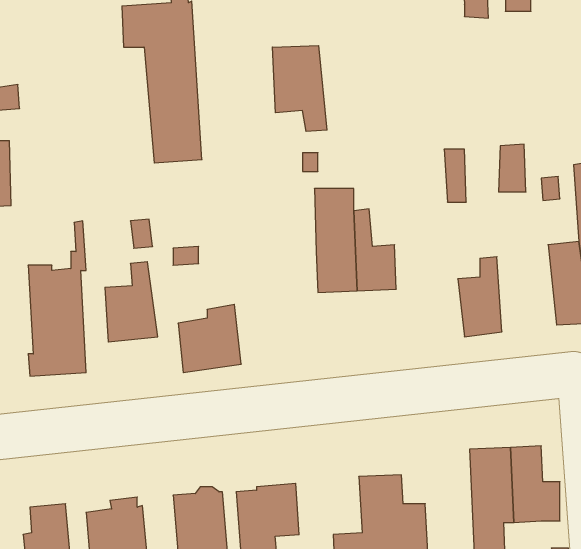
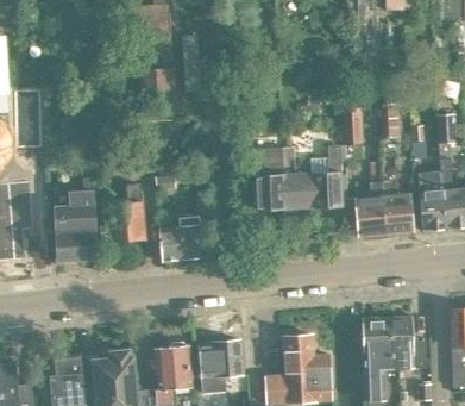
building: [272,46,327,131] -> none
building: none -> [309,146,340,205]
building: none -> [381,181,413,235]

